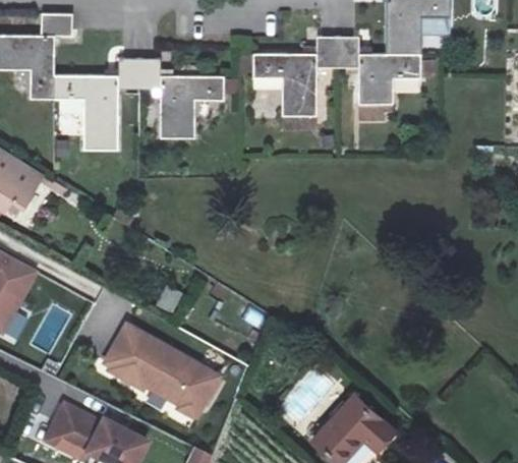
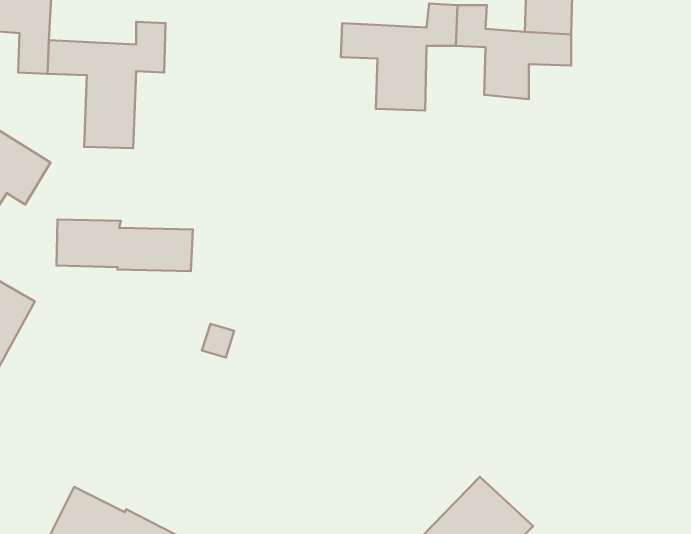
building: [129,64,216,147] -> none
building: none -> [56,220,193,271]
building: [104,319,217,407] -> none

